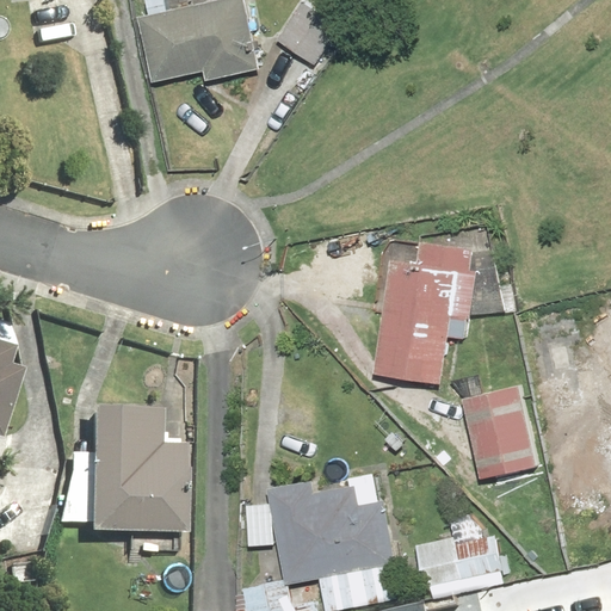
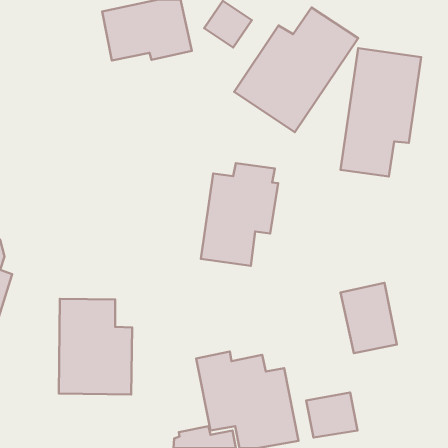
building: none -> [234,7,358,132]
building: none -> [340,48,421,177]
building: [374,242,479,382] -> [201,163,278,266]

